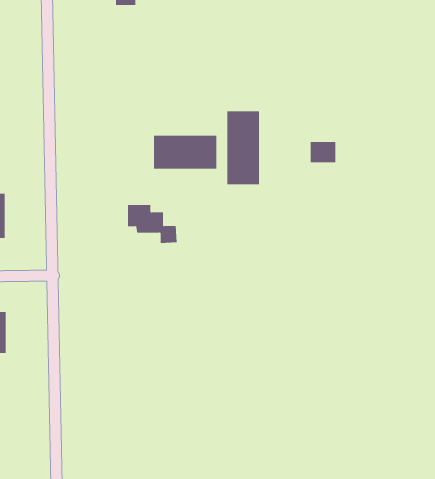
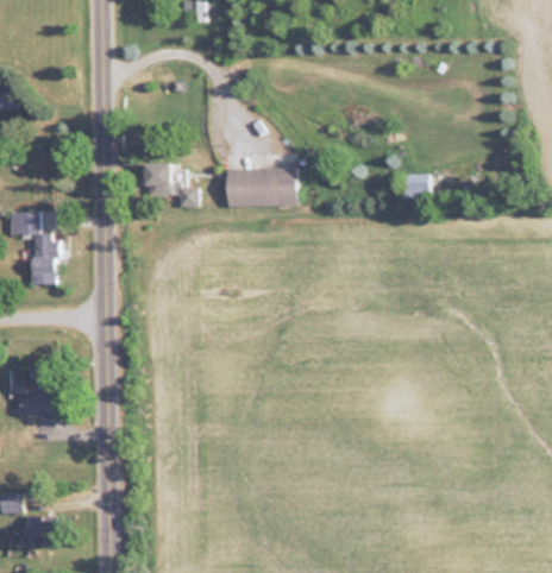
building: [227,111,259,185] -> none
building: [127,205,178,244] -> [143,163,200,207]

